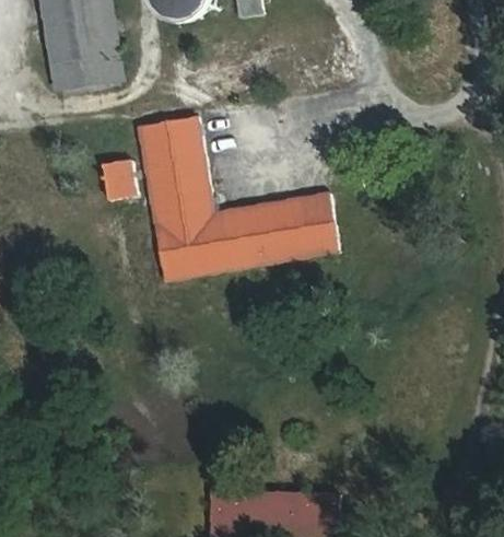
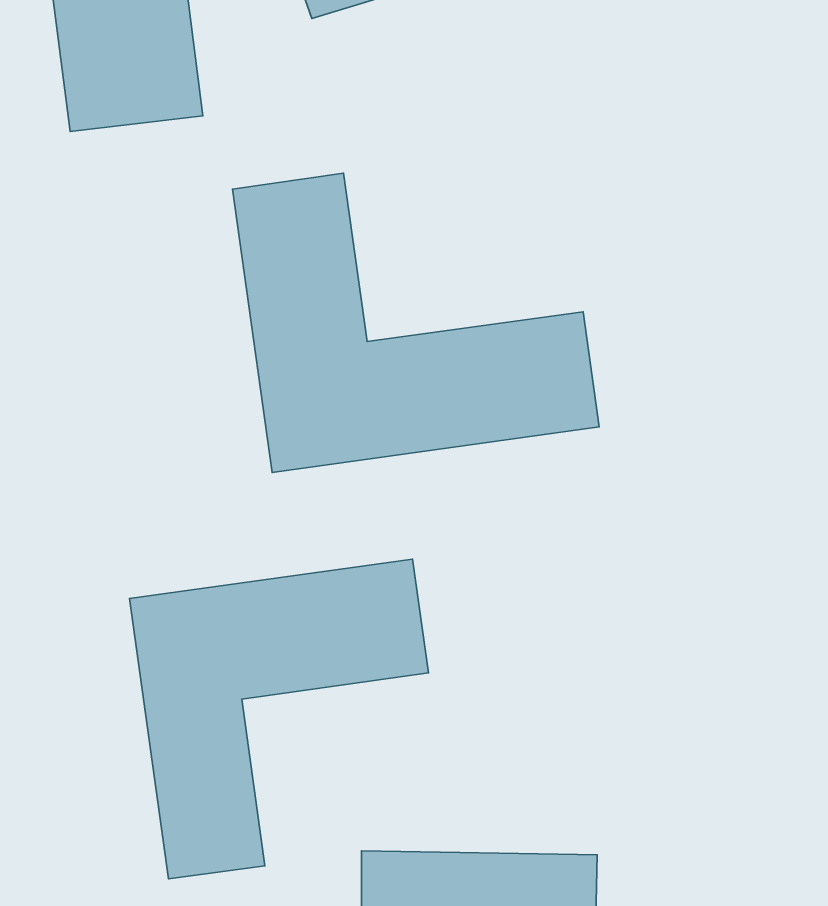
building: [102,157,138,201] -> none
building: none -> [130,559,429,879]

